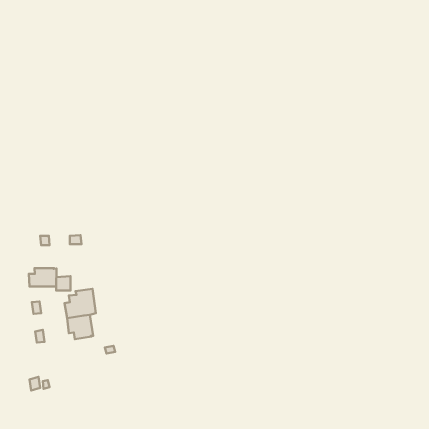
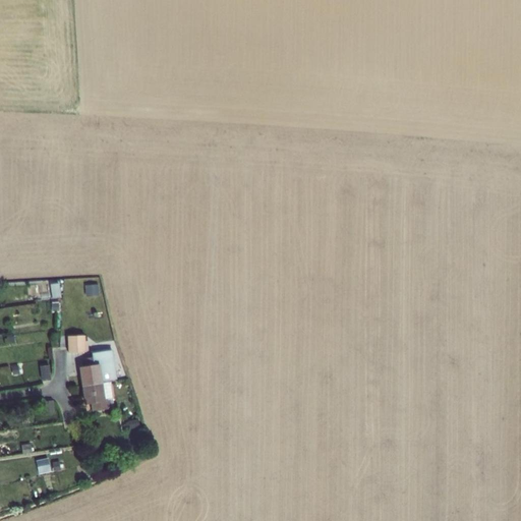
building: [29,268,56,287] -> none

